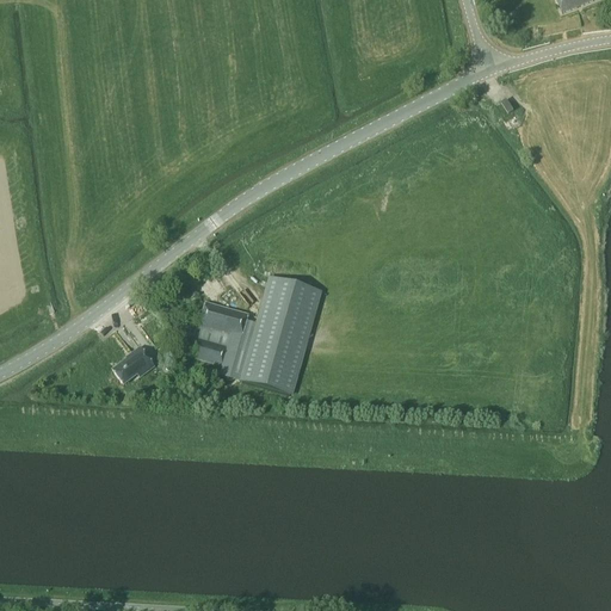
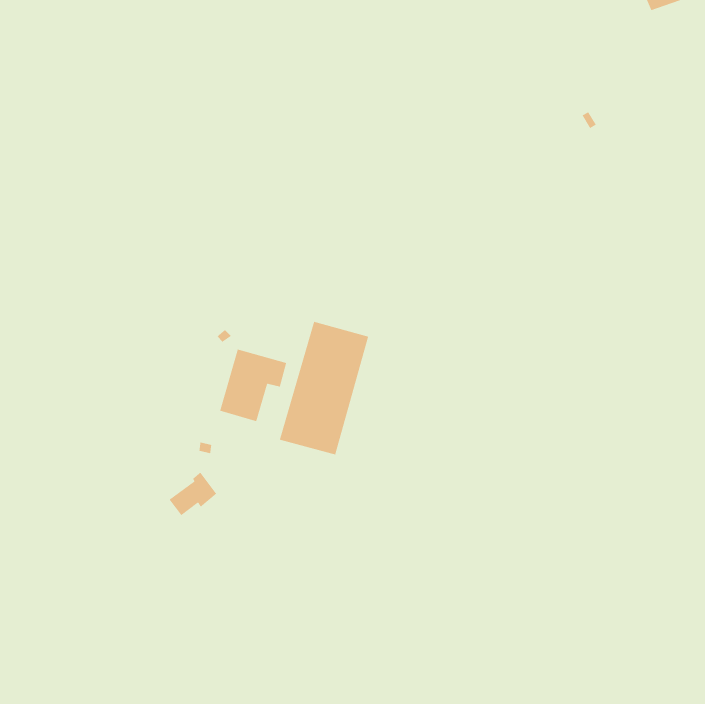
building: [115,344,156,382] -> [169,472,217,516]

